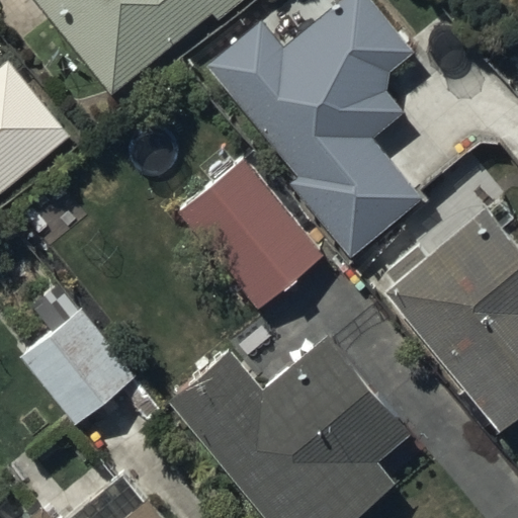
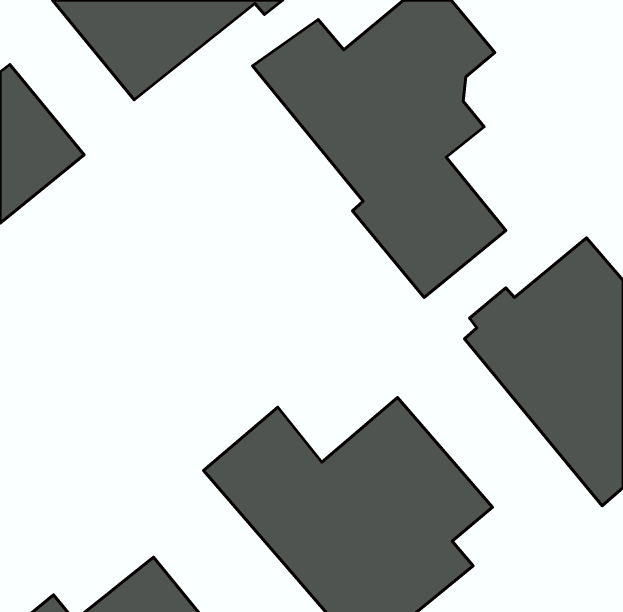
building: [179,163,318,309] -> none
building: [23,313,132,422] -> none

